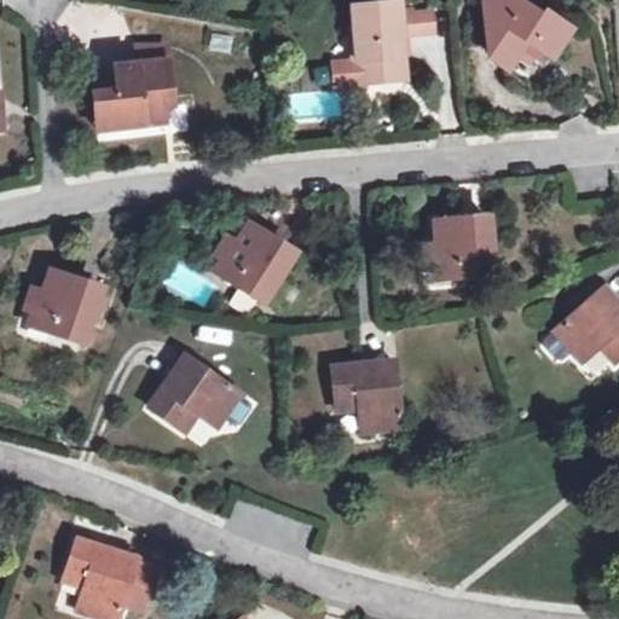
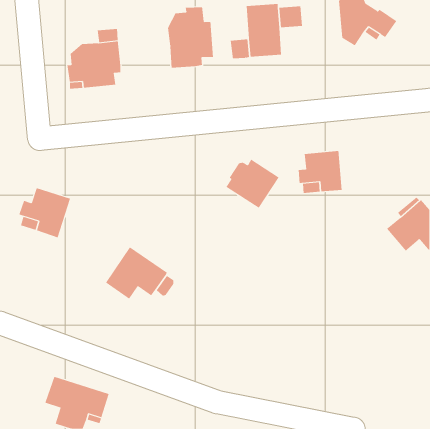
building: none -> [168,7,214,69]
building: [207,221,284,293] -> [226,159,279,209]
building: [334,364,401,434] -> none

